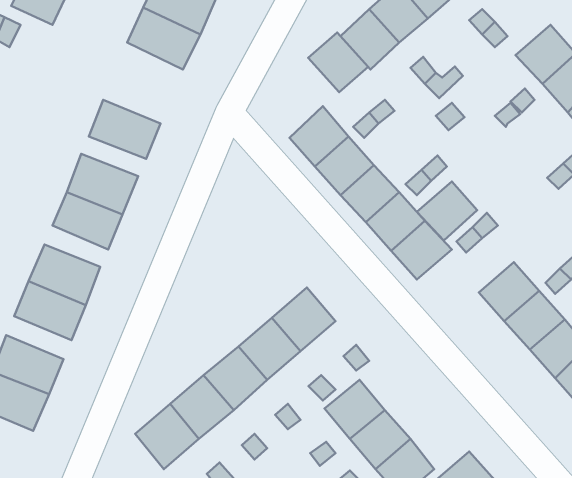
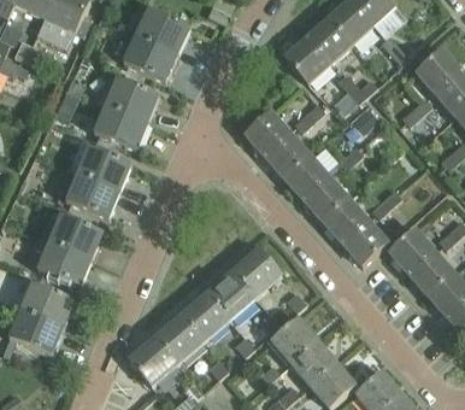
building: [308,33,368,92] -> none
building: none -> [105,78,159,123]
building: [417,181,477,240] -> [342,218,388,263]

